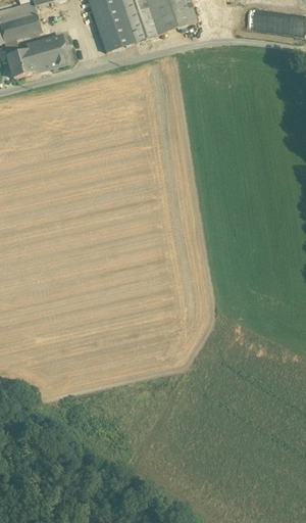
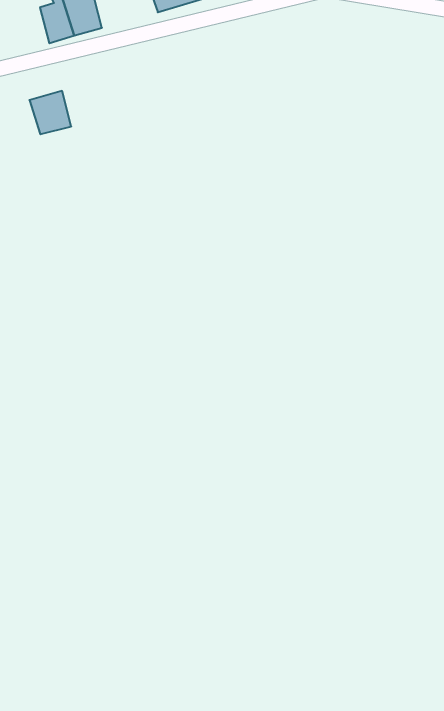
building: [7,49,35,78] -> [29,91,71,134]

